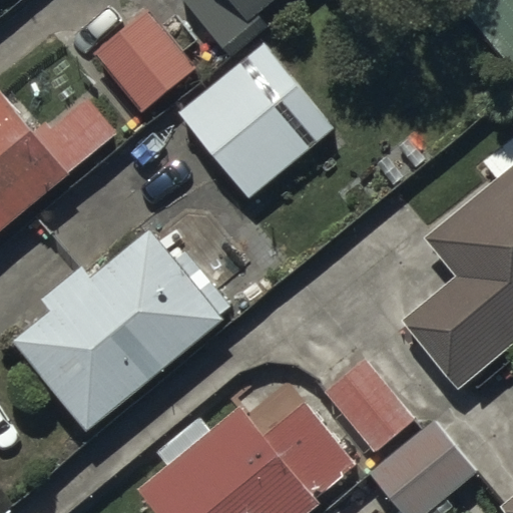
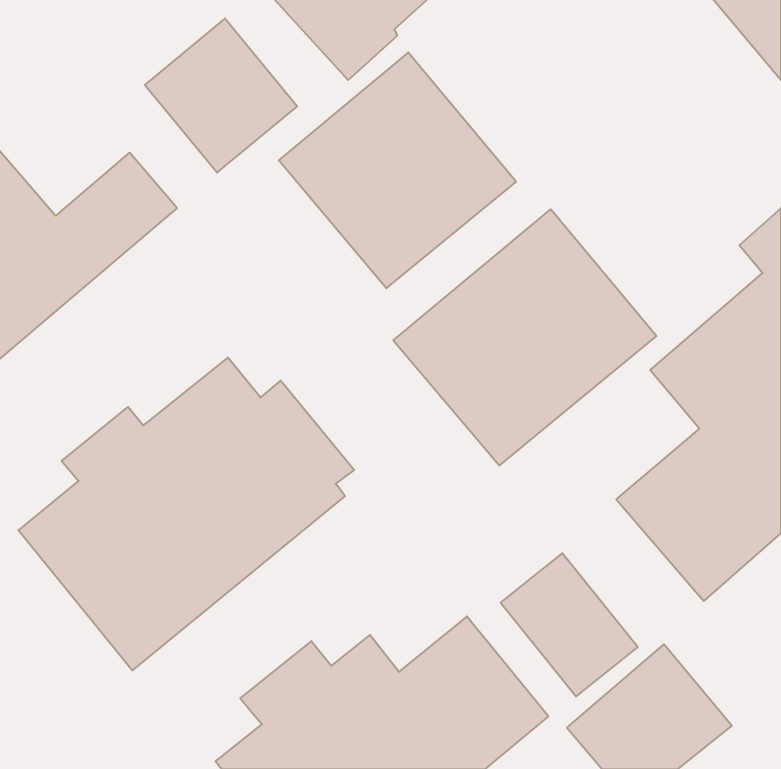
building: none -> [393,209,656,466]

